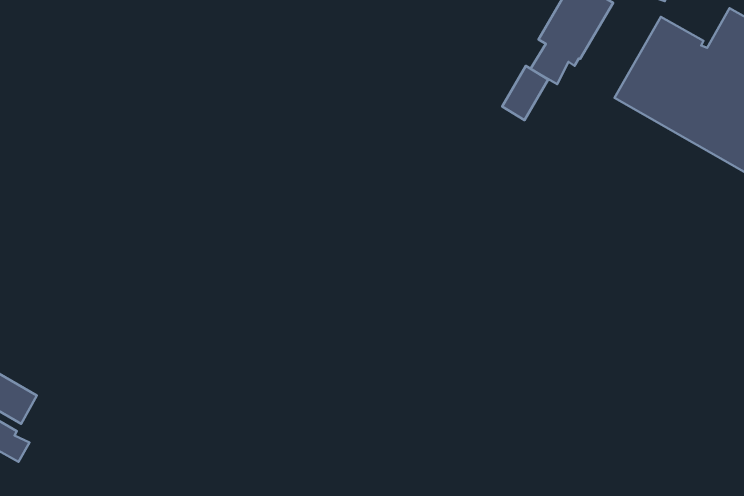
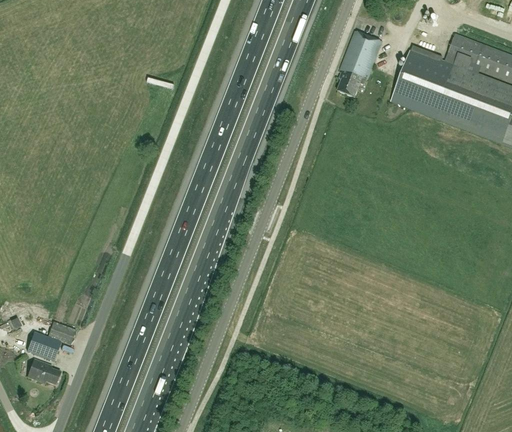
building: [502,66,548,120] -> none
building: none -> [48,322,76,345]

